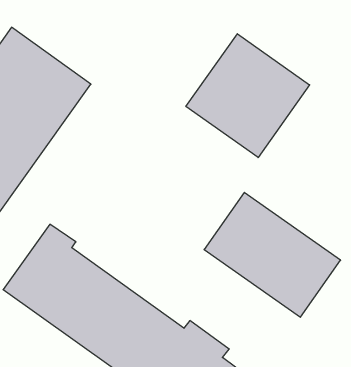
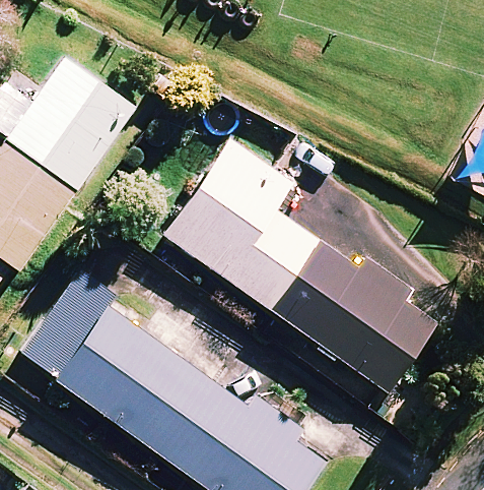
building: [186,34,310,158] -> none
building: none -> [164,140,320,310]

